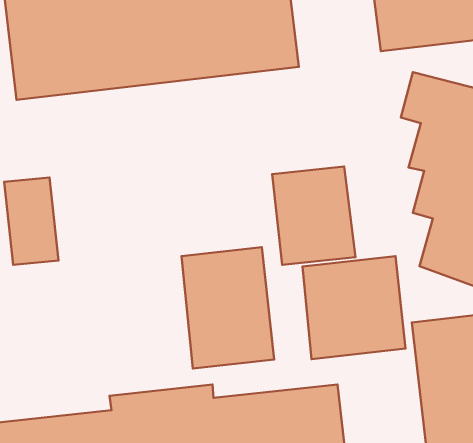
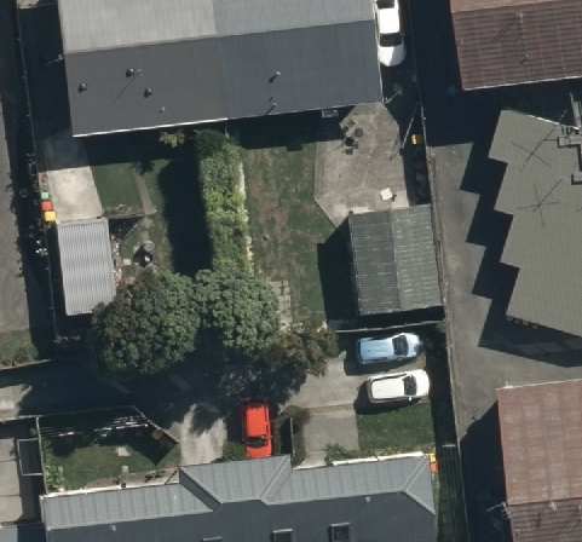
building: [182,247,274,369] -> none
building: [303,256,406,359] -> none

